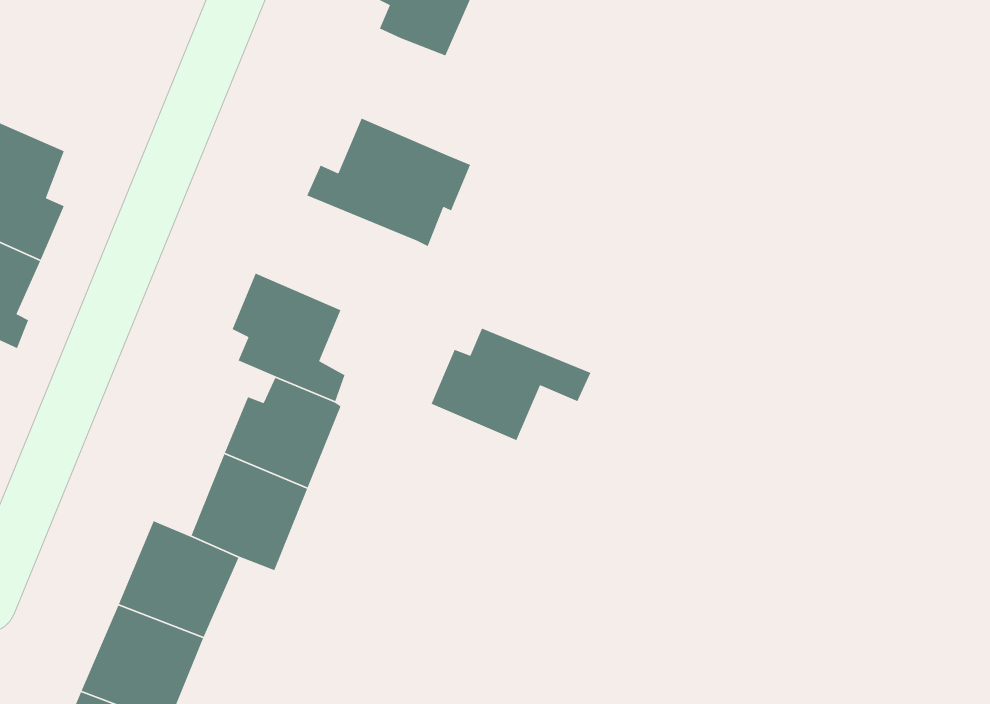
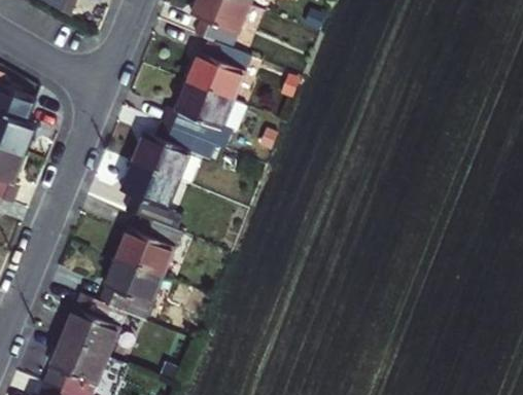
building: none -> [189,39,252,100]
building: [431,327,592,441] -> [134,121,218,181]

